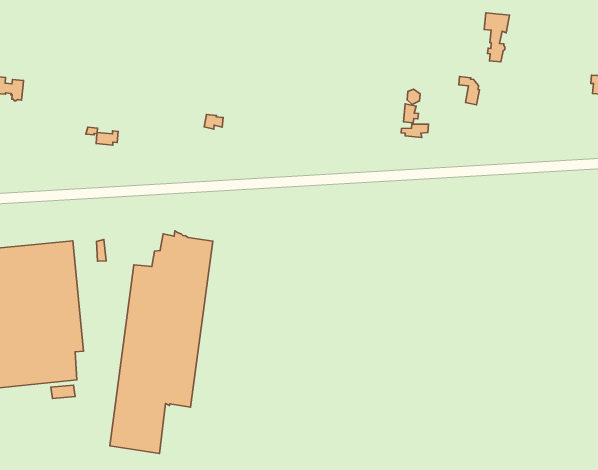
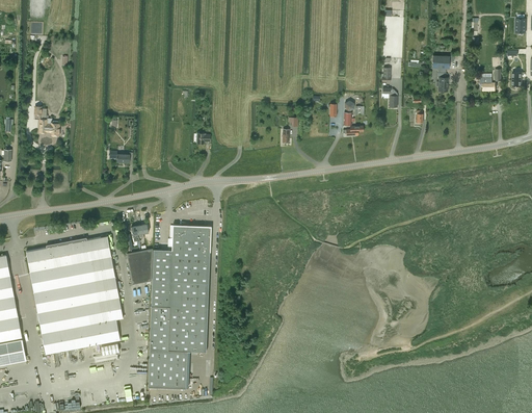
building: [484,13,509,62] -> [432,55,450,91]
building: none -> [127,249,153,284]

